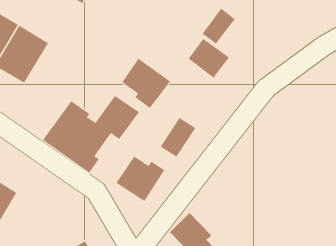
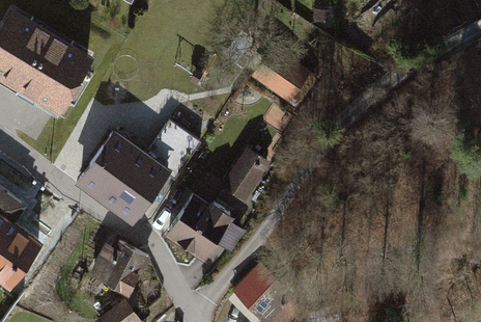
building: [202,8,235,44] -> none
building: [122,58,171,109] -> none
building: none -> [90,240,146,292]

